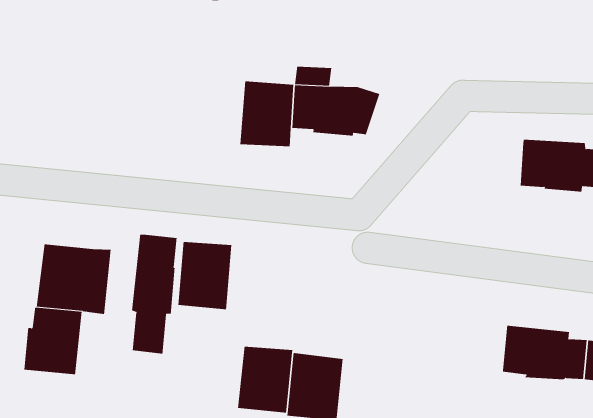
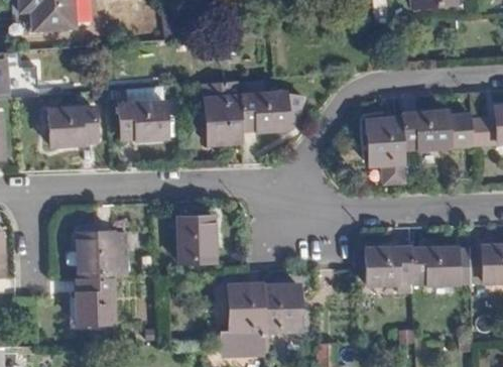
building: none -> [48,106,94,144]
building: none -> [119,104,165,141]
building: none -> [369,117,409,180]
building: [131,234,177,355] -> none
building: none -> [364,245,411,282]

